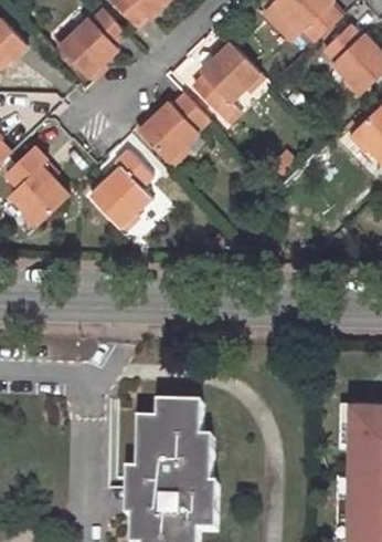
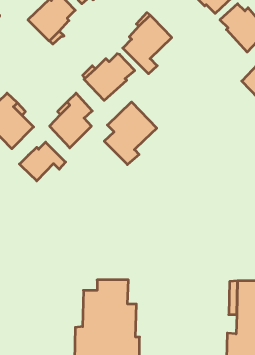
building: none -> [104,102,157,165]
building: none -> [19,142,66,181]

